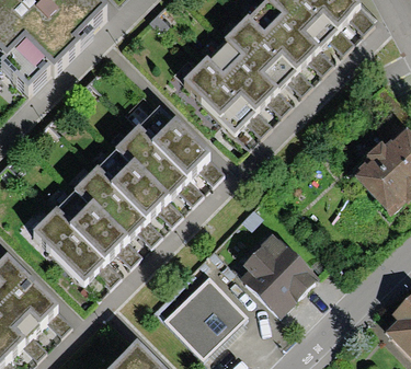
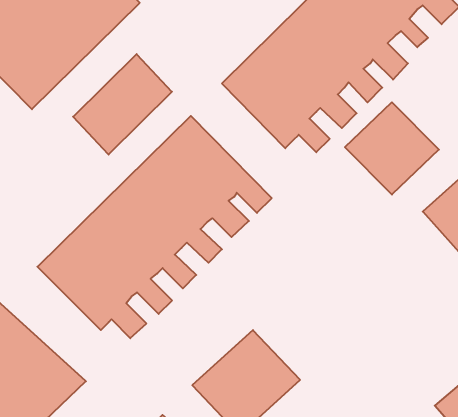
building: none -> [73,54,172,155]
building: none -> [345,102,439,195]
building: [237,238,319,319] -> none

